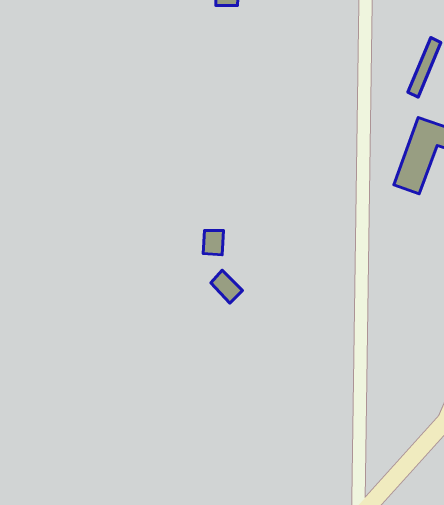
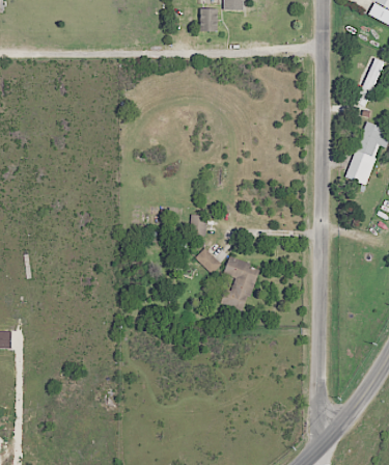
building: none -> [220,257,258,311]

